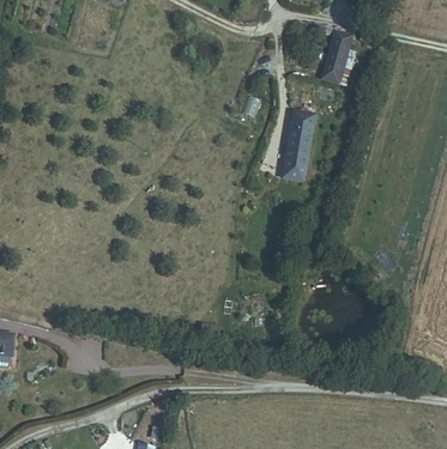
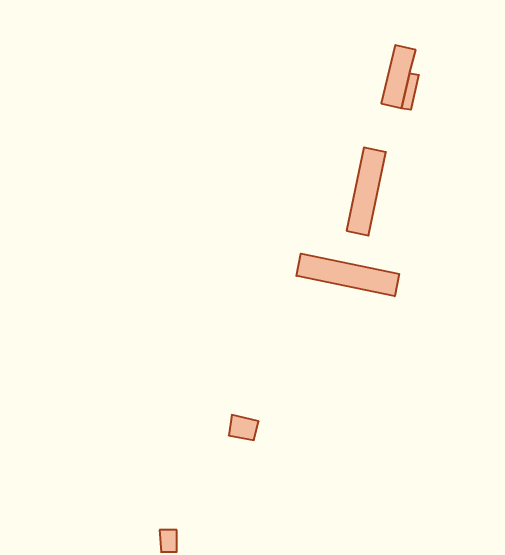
building: none -> [296,254,399,296]

